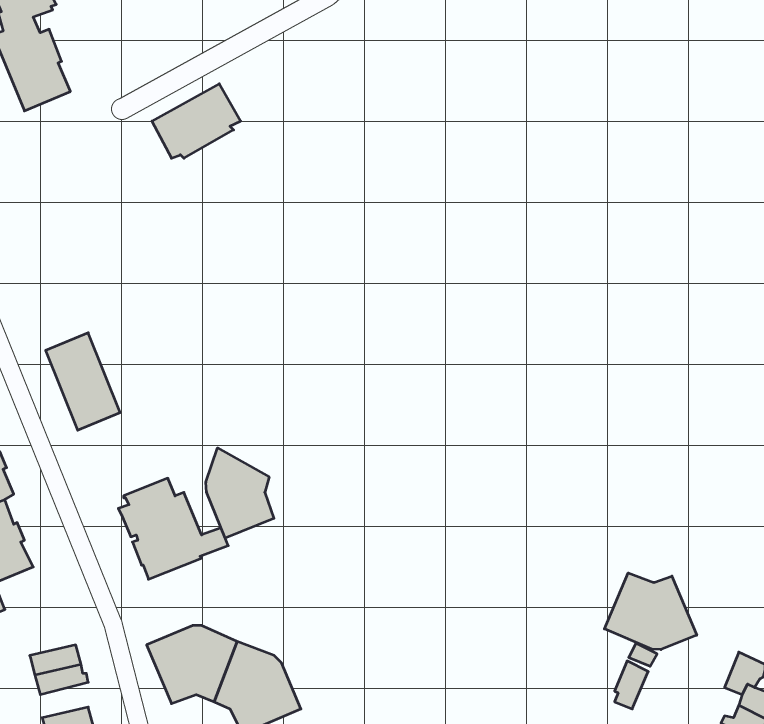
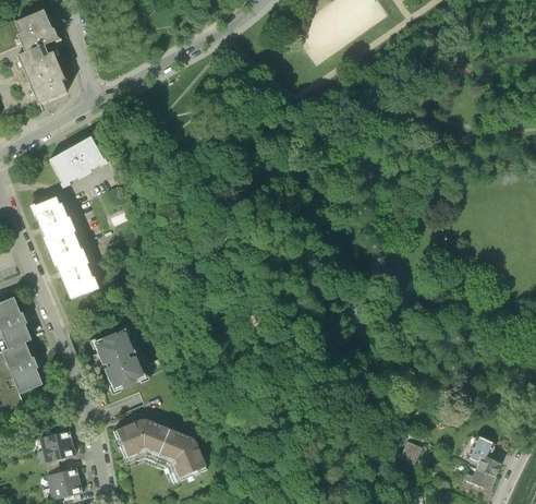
building: [152,84,241,158] -> [49,136,103,182]
building: none -> [33,195,76,250]
building: [206,448,274,538] -> none
building: [604,573,697,650] -> none

